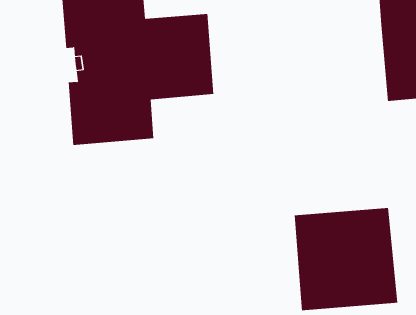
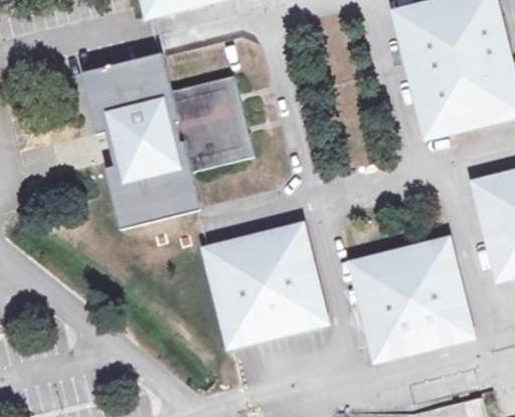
building: none -> [204,226,323,345]

